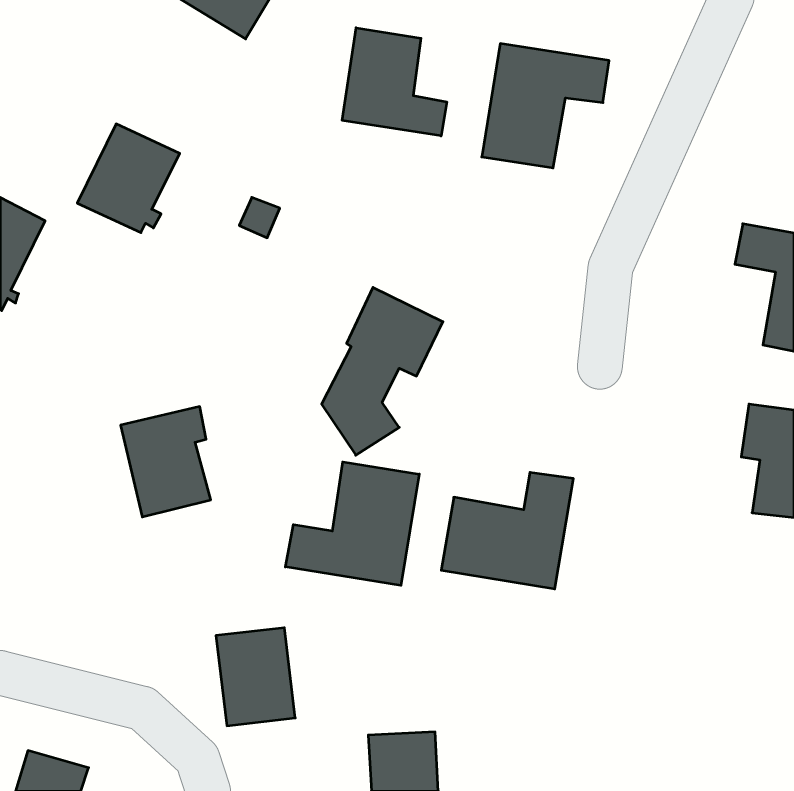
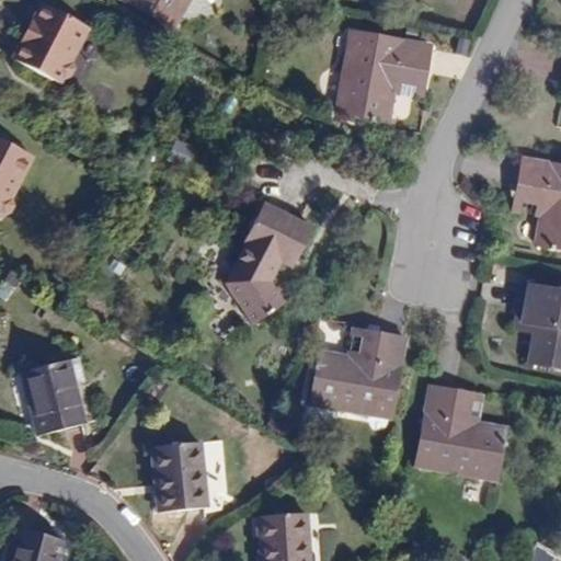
building: [342,28,447,136] -> none
building: [77,124,180,233] -> [15,4,88,81]
building: [121,407,211,517] -> [22,359,85,437]
building: [285,462,419,585] -> none
building: none -> [417,387,505,477]

